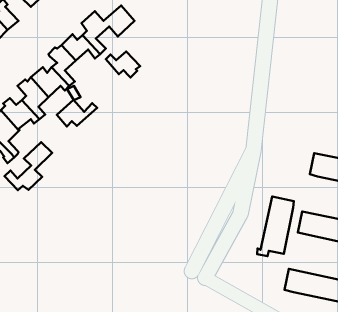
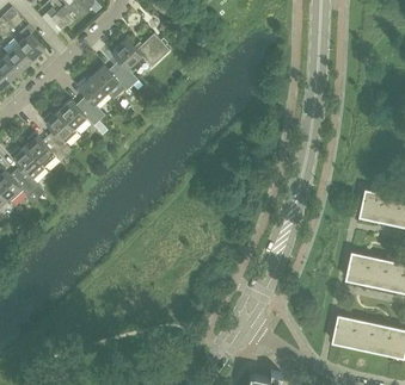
building: [106,51,140,78] -> none
building: [57,100,97,127] -> none
building: [5,142,52,190] -> none
building: [257,197,294,256] -> none

